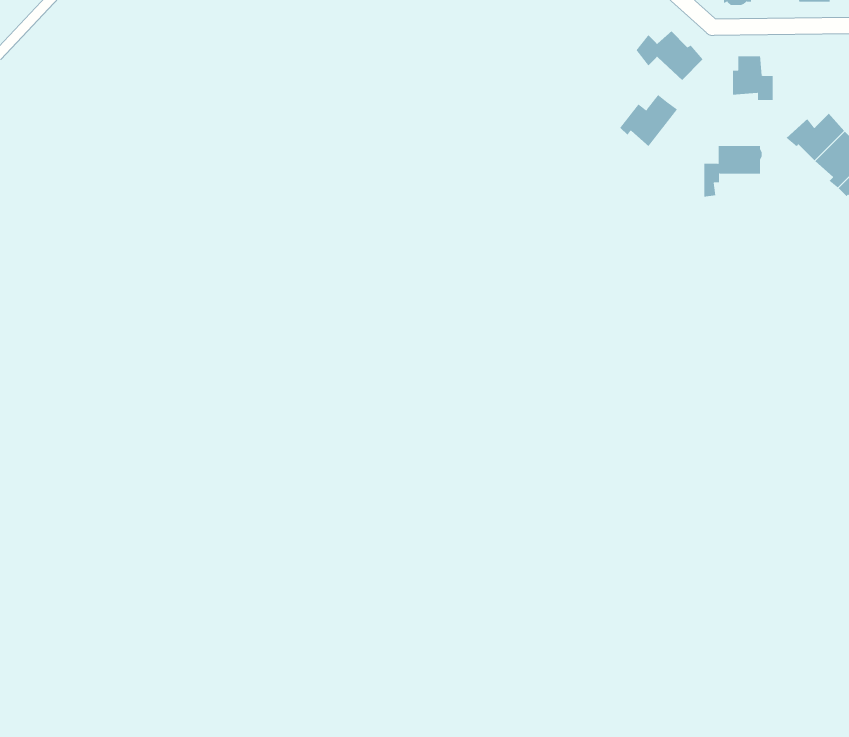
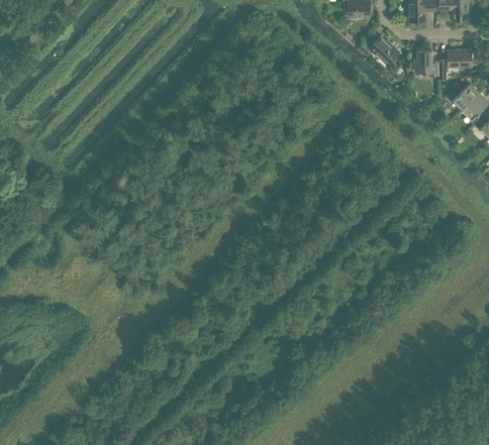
building: [620,94,678,147] -> none
building: [704,145,763,197] -> [438,49,472,79]

